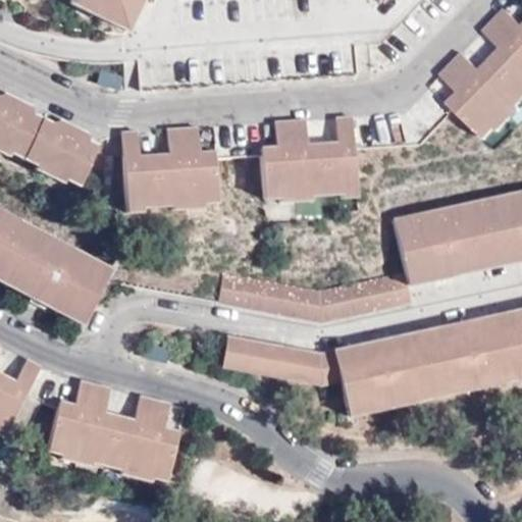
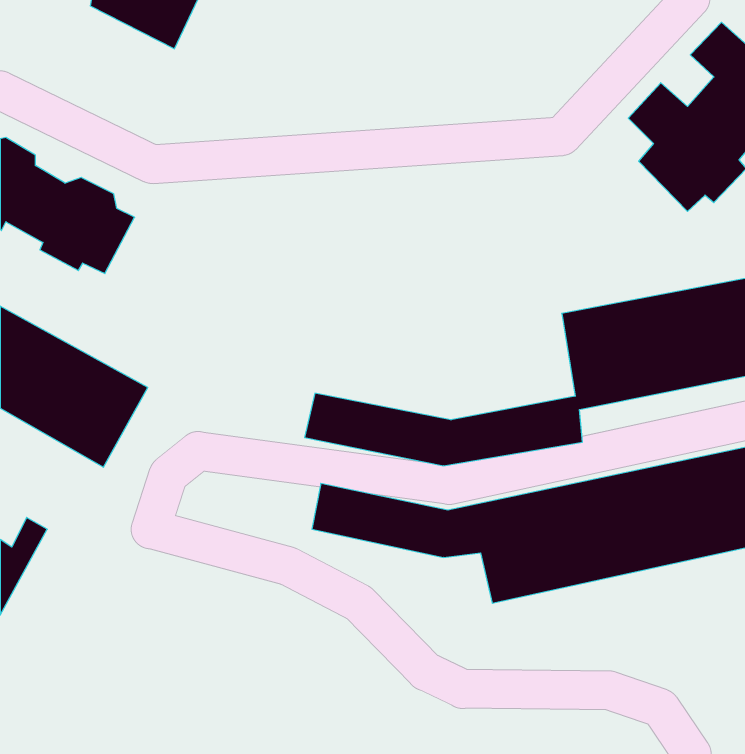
building: [261,117,357,206] -> none
building: [121,128,219,218] -> none
building: [47,378,179,480] -> none

